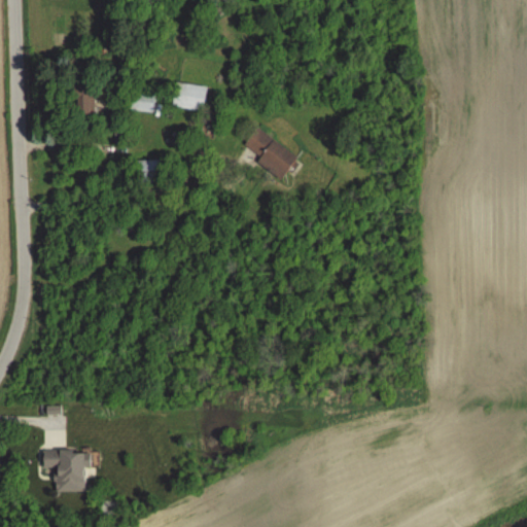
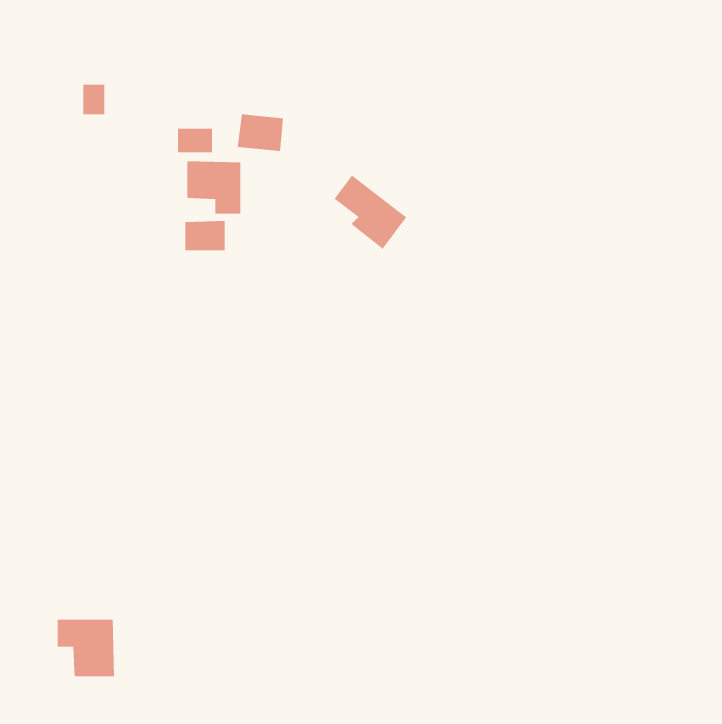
building: [81,92,98,114] -> [82,84,105,115]
building: none -> [186,161,241,214]

